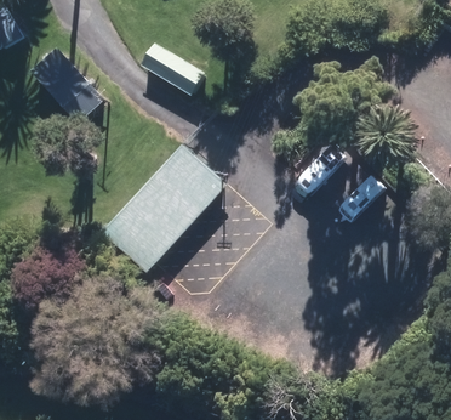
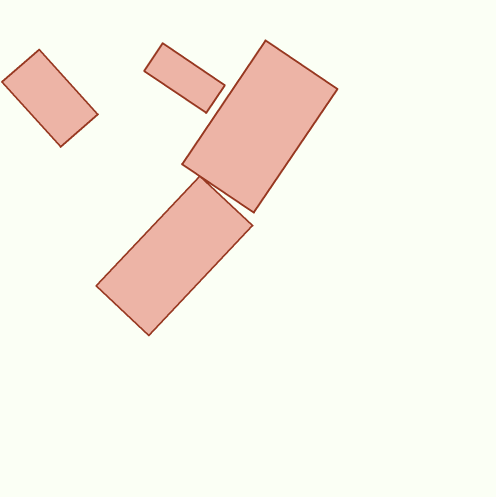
building: none -> [182,40,337,213]

